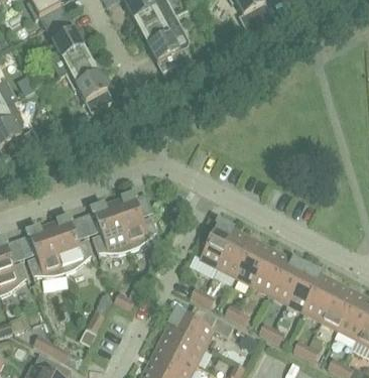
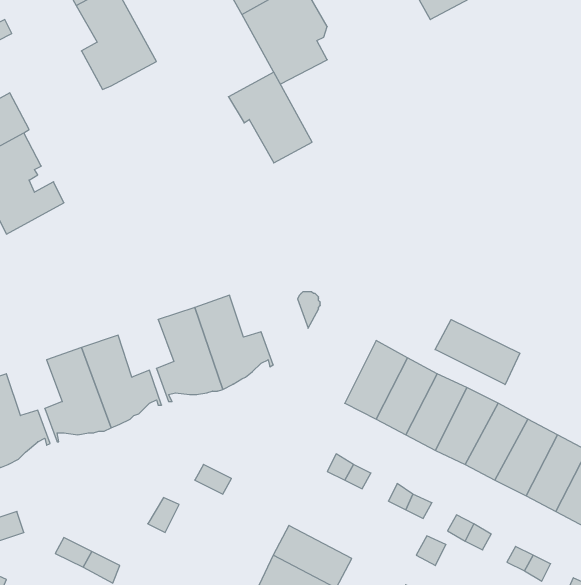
building: [65,59,113,112] -> [228,72,312,163]
building: none -> [435,320,520,385]
building: [167,305,233,347] -> none

